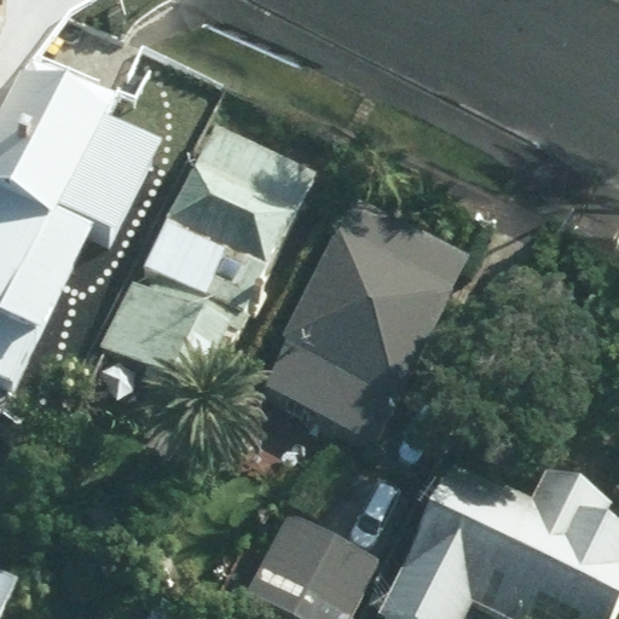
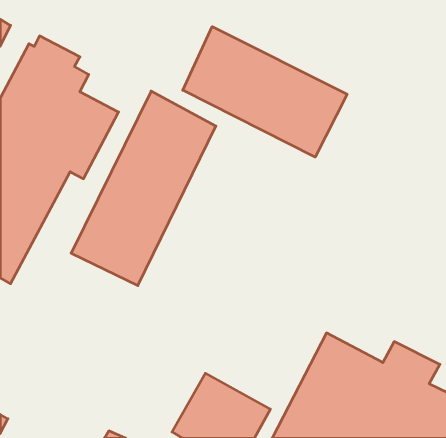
building: none -> [183,27,347,157]
building: [244,198,464,446] -> none

